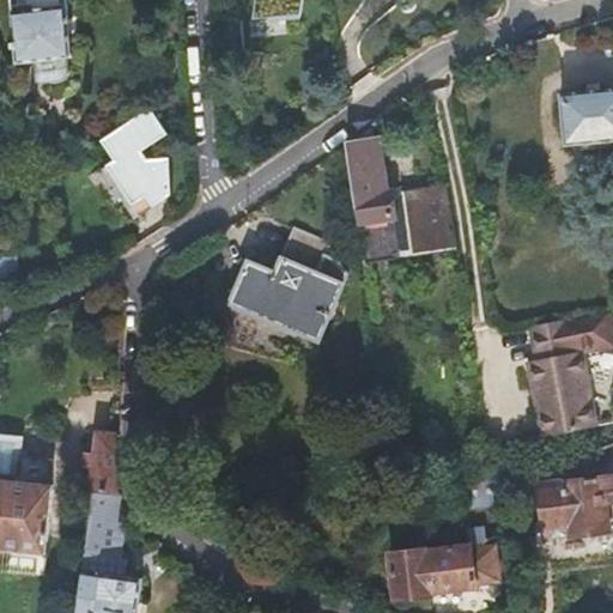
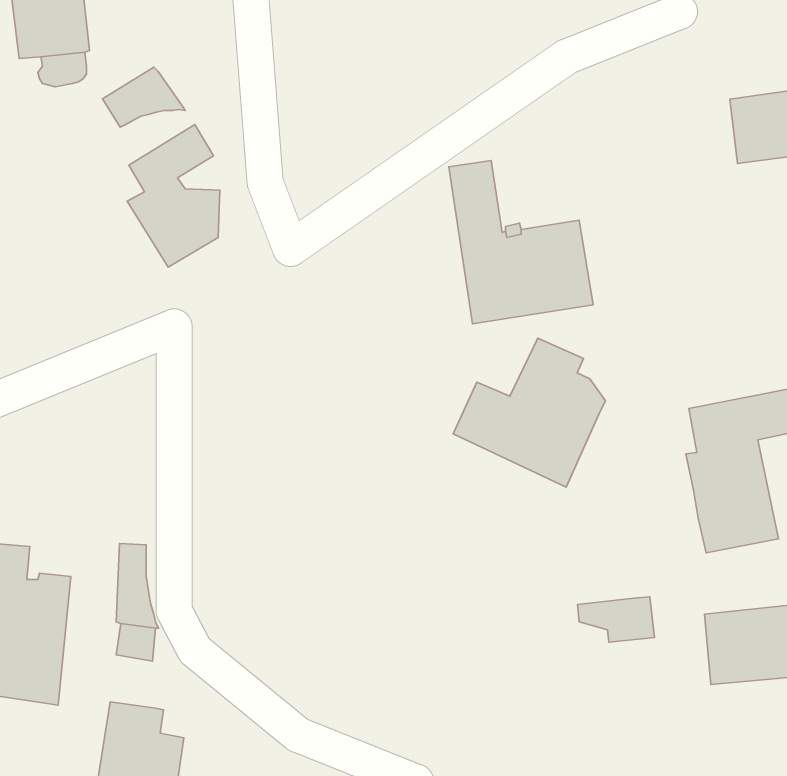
building: none -> [102,67,185,127]
building: [232,225,348,339] -> [453,338,605,487]
building: [85,516,123,557] -> none
building: [390,541,497,595] -> none

